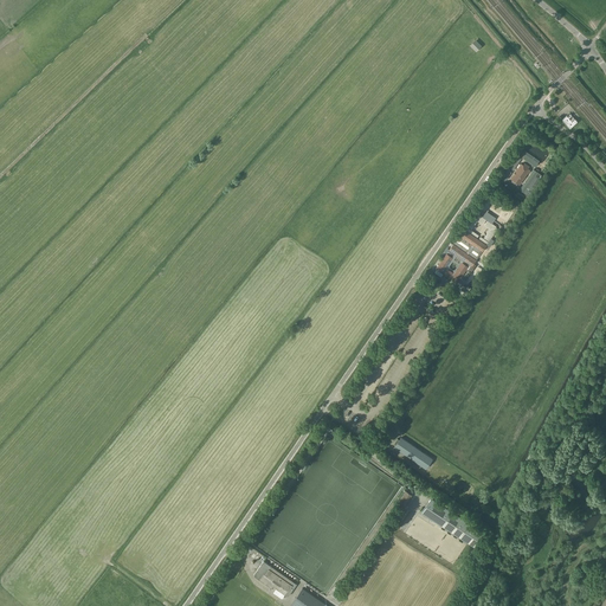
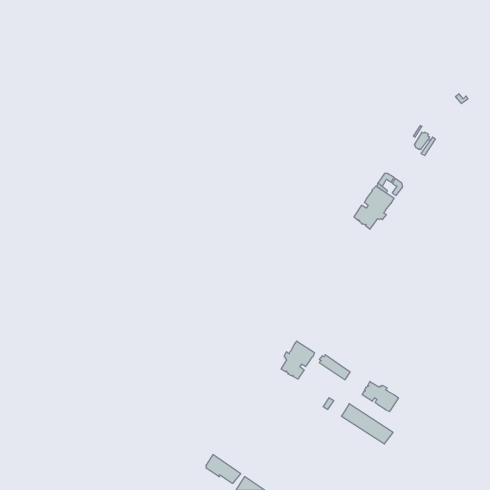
building: none -> [281,341,314,379]
building: none -> [362,381,398,412]

